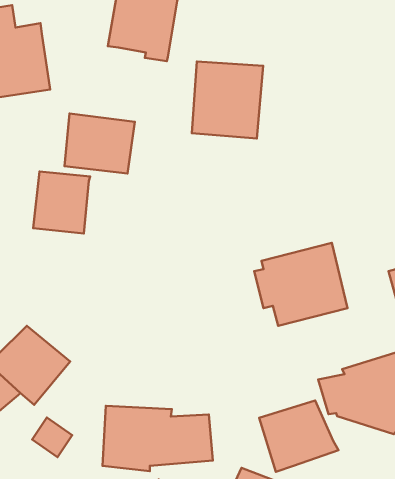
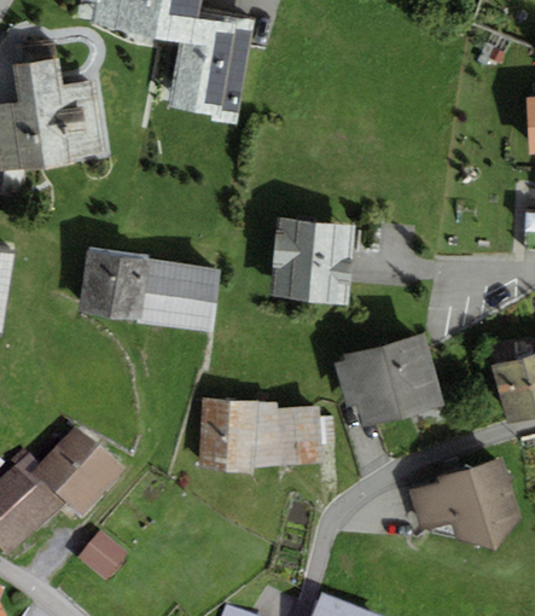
building: [192,62,263,138] -> [273,217,355,306]
building: [64,114,135,173] -> [140,261,221,330]
building: [259,400,339,472] -> none
building: [103,406,213,471] -> [199,397,326,472]

